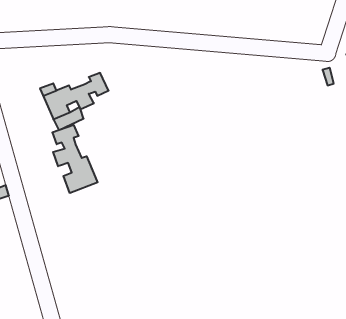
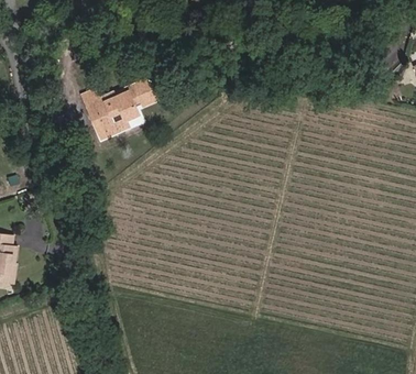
building: [52,125,98,193] -> none

